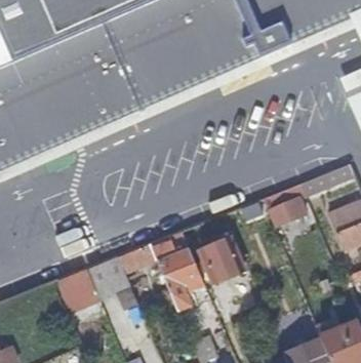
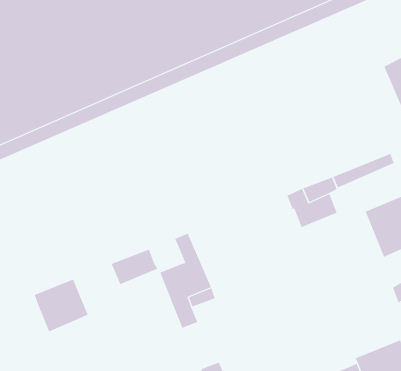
building: [199,237,243,282] -> none
building: [87,255,130,297] -> none

